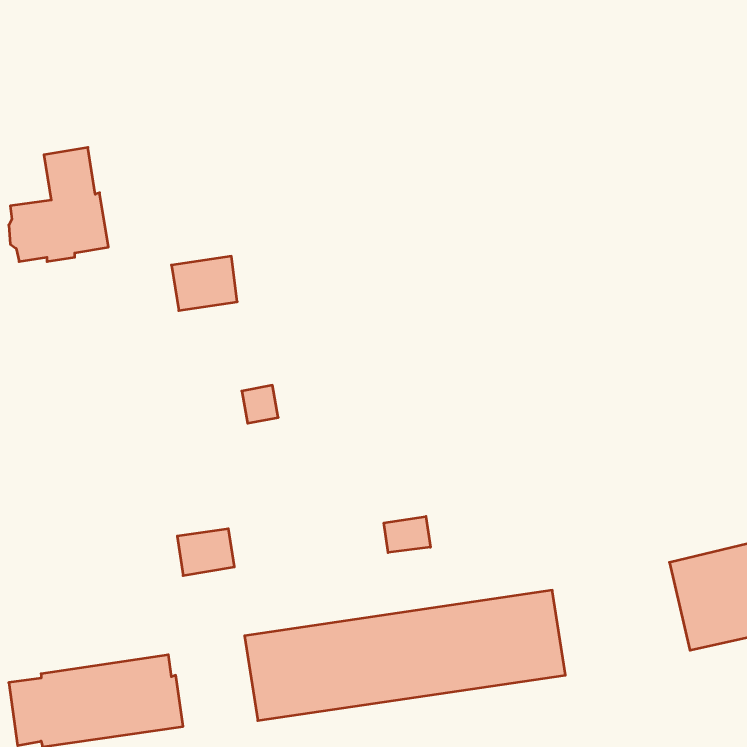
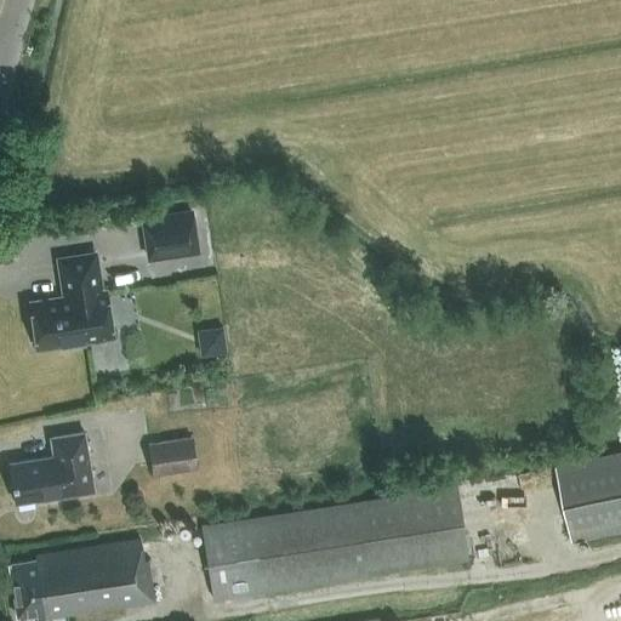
building: [9,147,108,262] -> [30,255,113,349]
building: [384,516,430,553] -> none
building: none -> [8,433,93,503]

